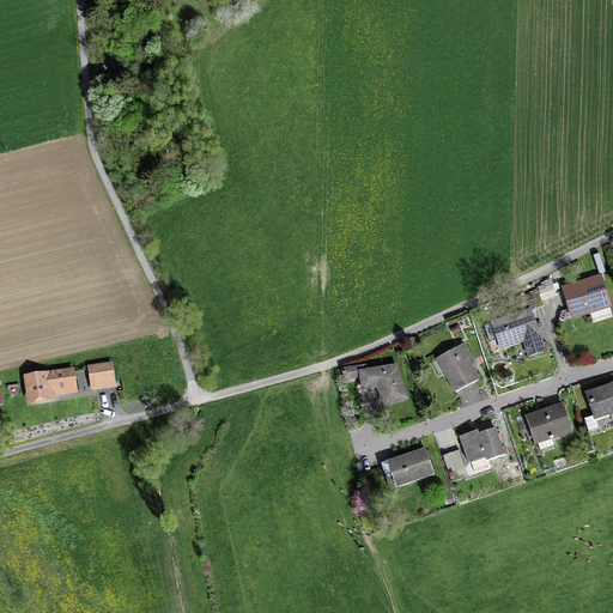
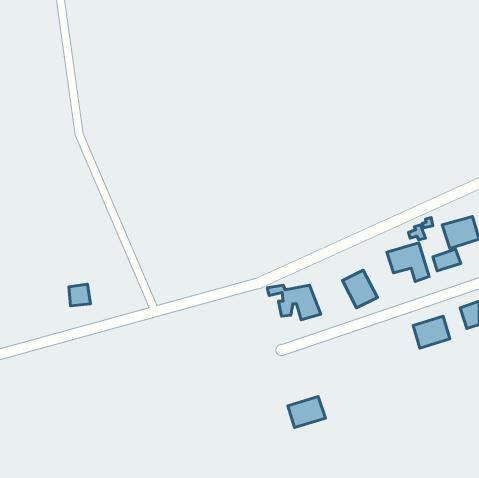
building: none -> [433,249,461,271]
building: [23,366,78,403] -> none
building: [460,426,504,465] -> none
building: [387,448,435,487] -> [288,396,326,428]

